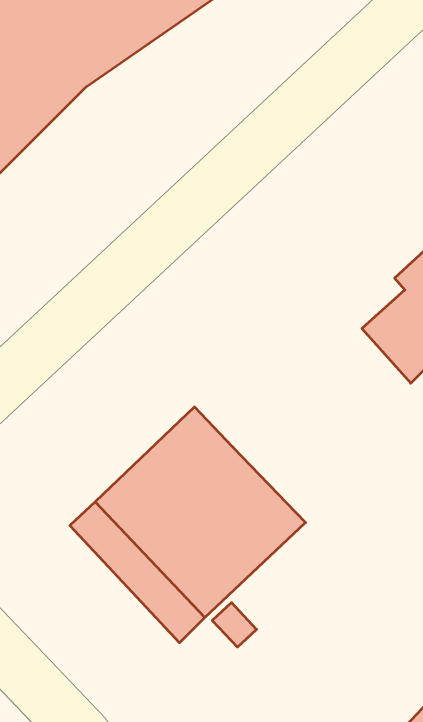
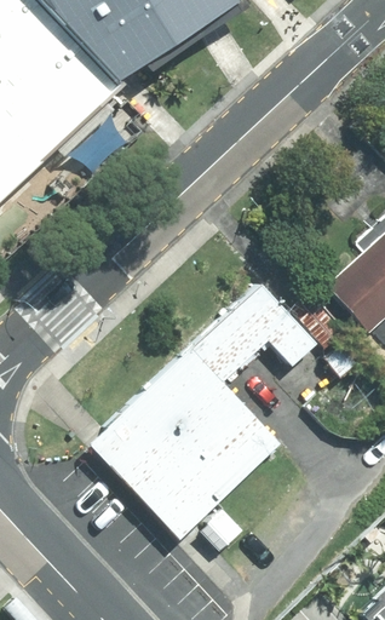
building: none -> [195,283,321,380]

